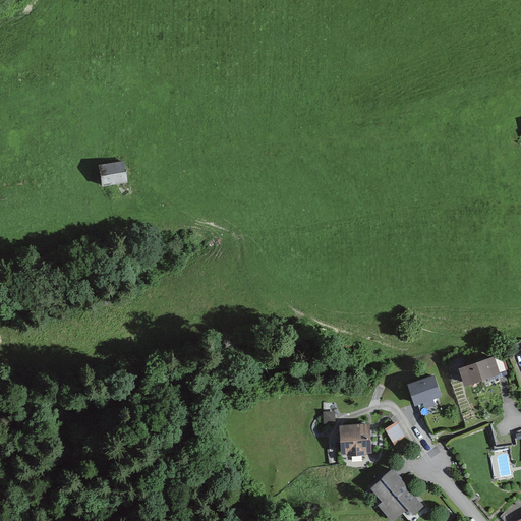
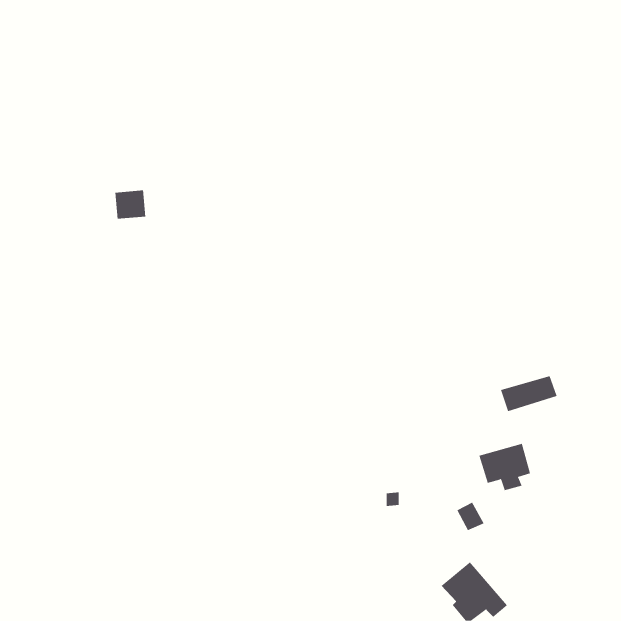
building: [458,357,506,388] -> [500,375,557,412]
building: [336,423,370,456] -> none

